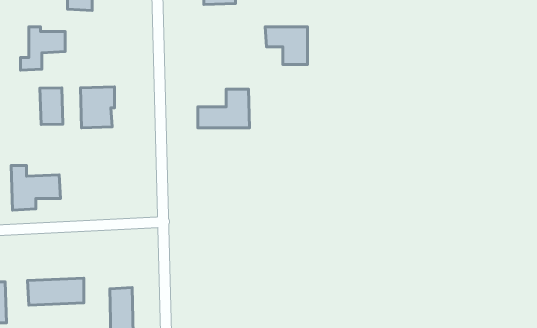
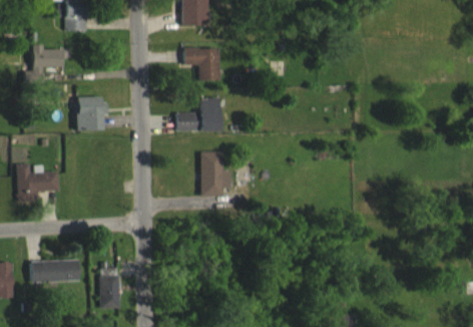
building: [265,27,308,65] -> [183,48,219,80]
building: [40,88,63,124] -> none
building: none -> [200,151,231,197]

